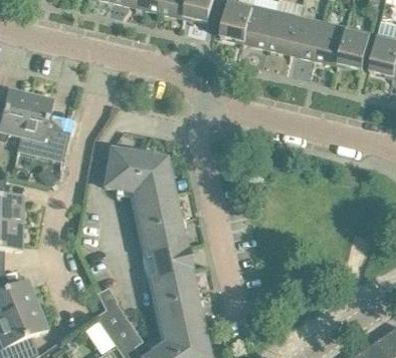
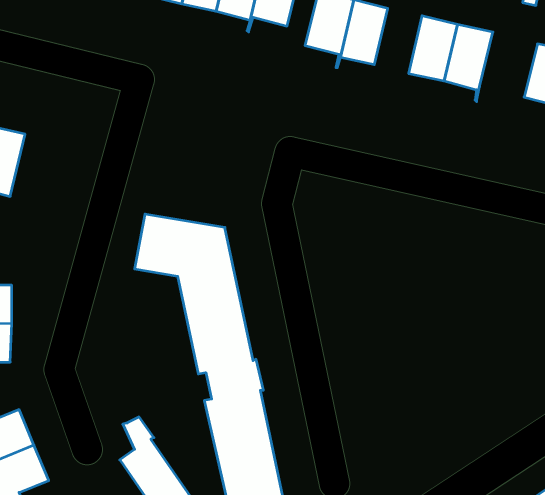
building: [267,10,300,54] -> none
building: [339,26,371,69] -> none
building: [20,95,62,154] -> none

